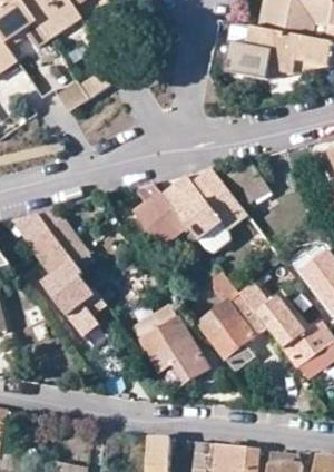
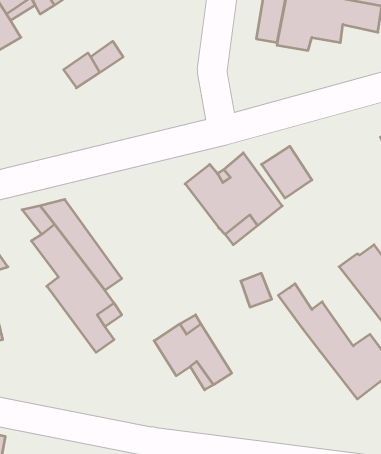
building: [129,183,189,253] -> none
building: [198,295,263,373] -> none

